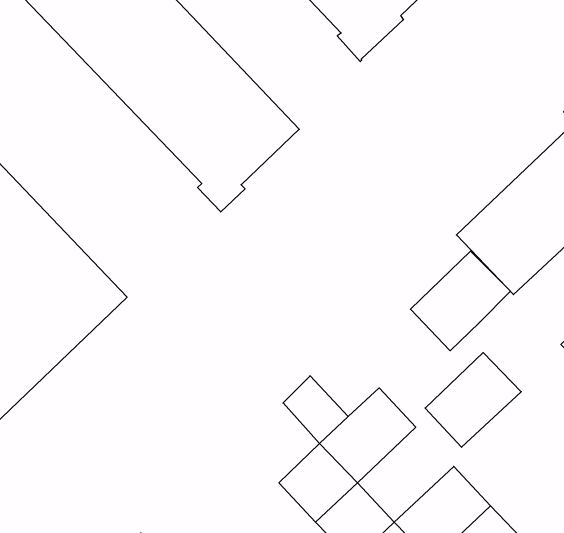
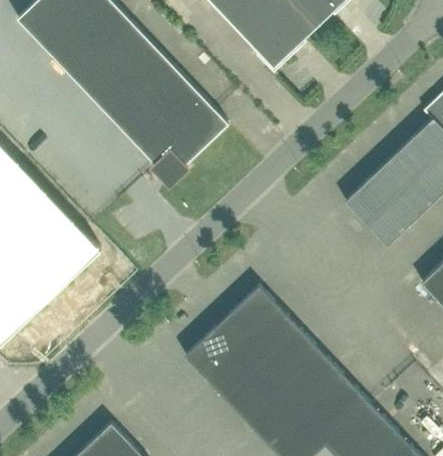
building: [410,251,510,351] -> none
building: none -> [237,286,288,337]
building: [425,353,521,447] -> [272,345,343,415]
building: none -> [185,327,244,386]

